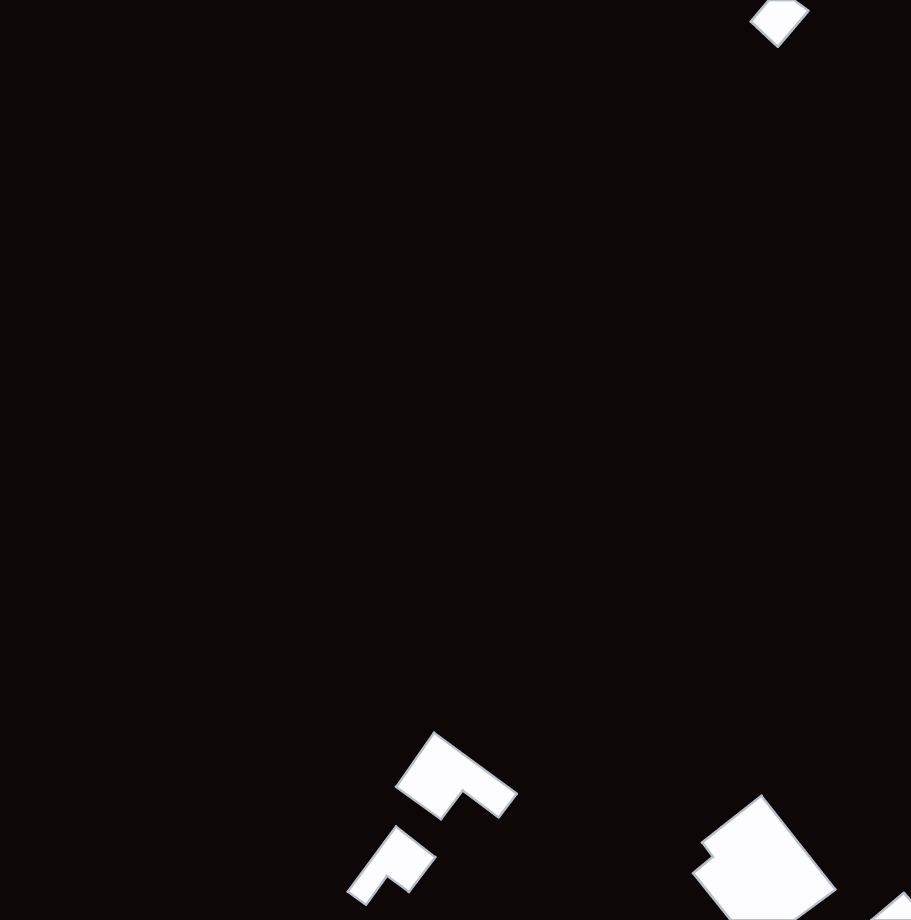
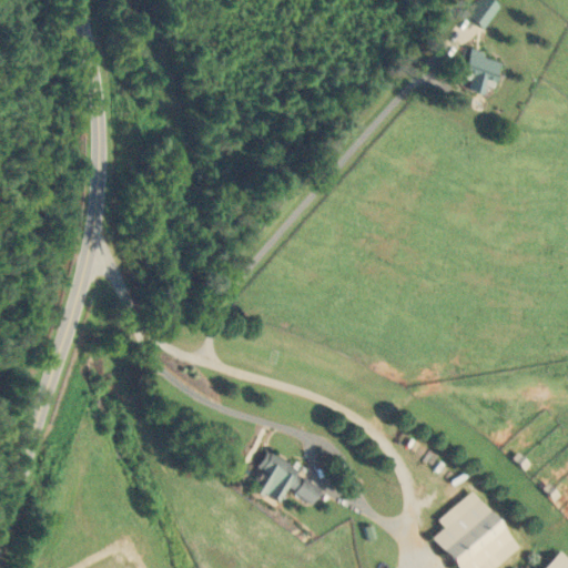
building: none -> [462,50,503,87]
building: [348,826,435,905] -> none

